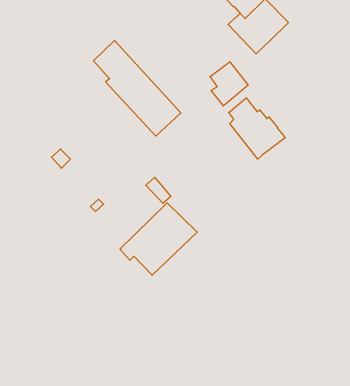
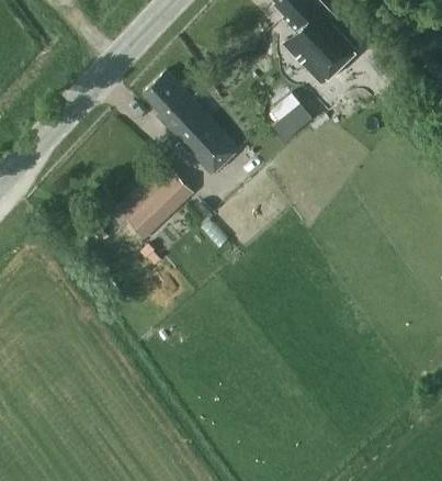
building: [229,98,285,159] -> none
building: [120,203,197,275] -> [112,161,196,240]

